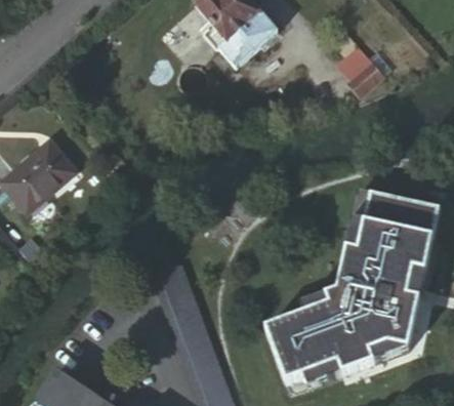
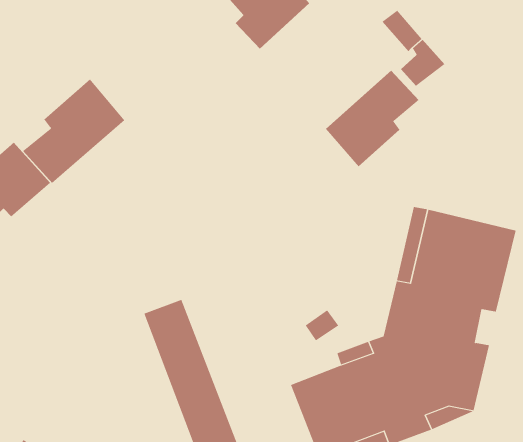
building: none -> [325,70,419,167]
building: none -> [22,78,125,184]

